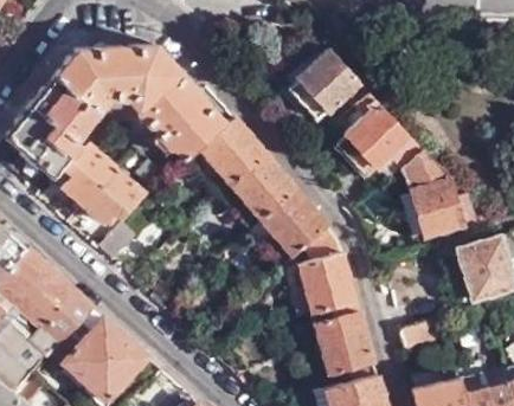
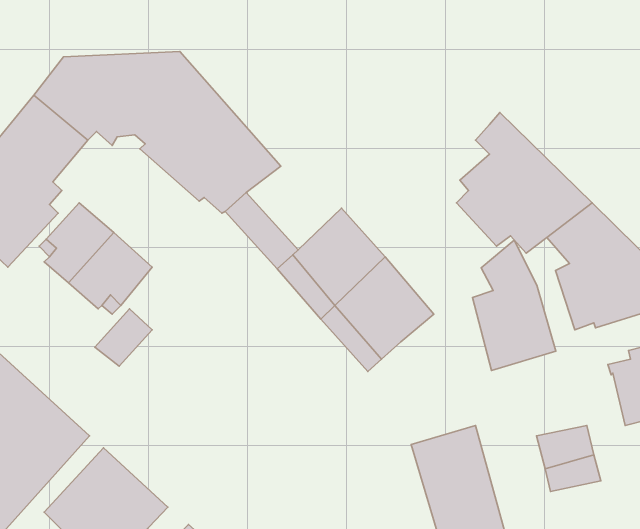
building: [293,45,373,118] -> none
building: [200,117,265,181] -> none
building: [300,225,356,314] -> [472,240,556,370]

